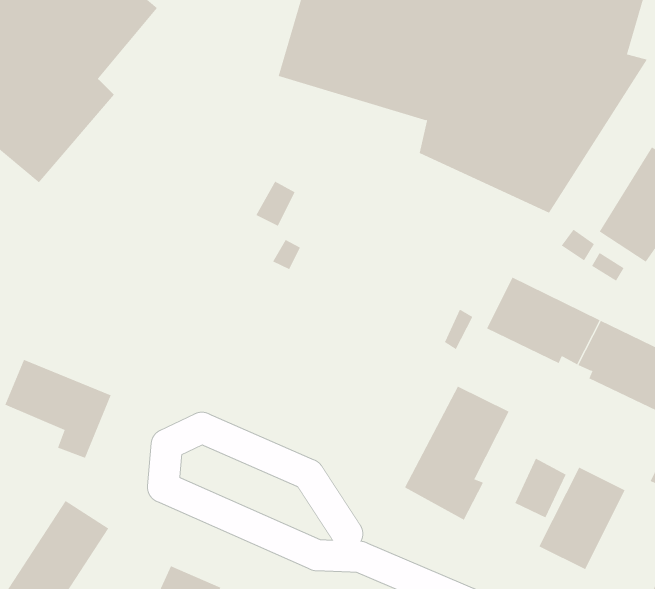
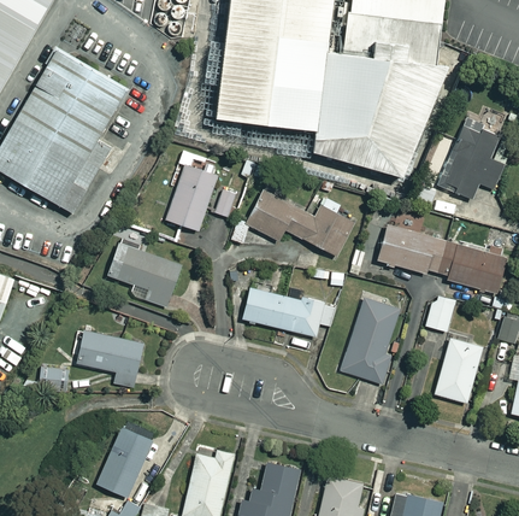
building: none -> [165,163,217,230]
building: none -> [246,192,353,256]
building: none -> [107,241,181,307]
building: none -> [241,287,336,336]
building: [515,458,567,518] -> [425,294,455,332]

